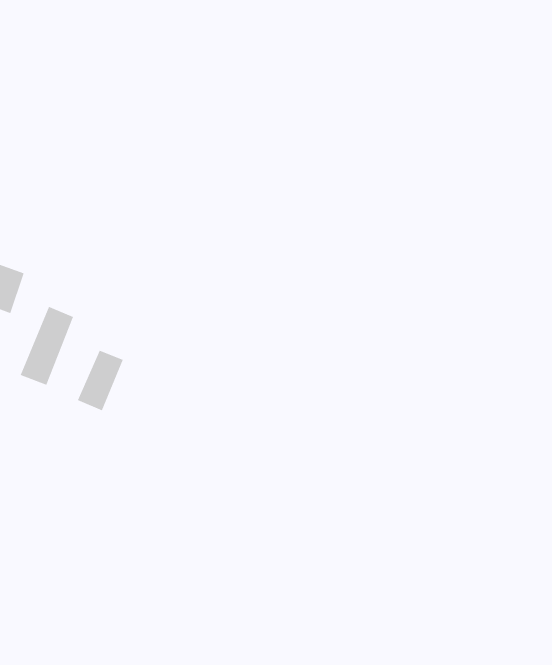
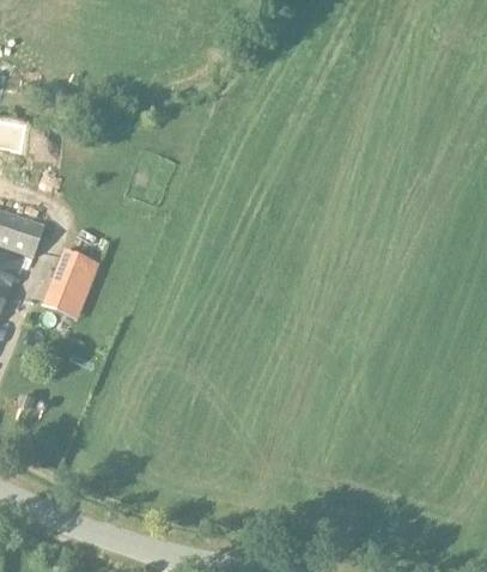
building: [77,350,123,411] -> none

